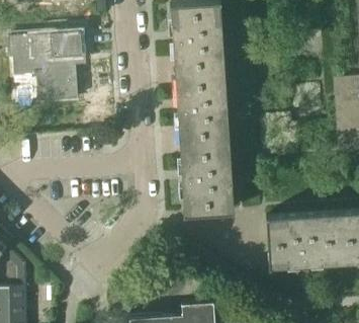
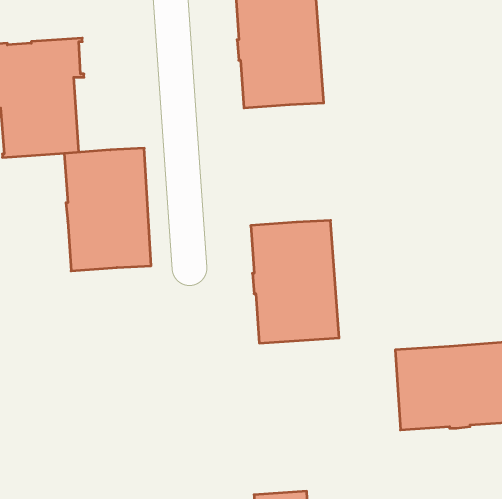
building: [177,72,229,145] -> [64,148,151,271]

